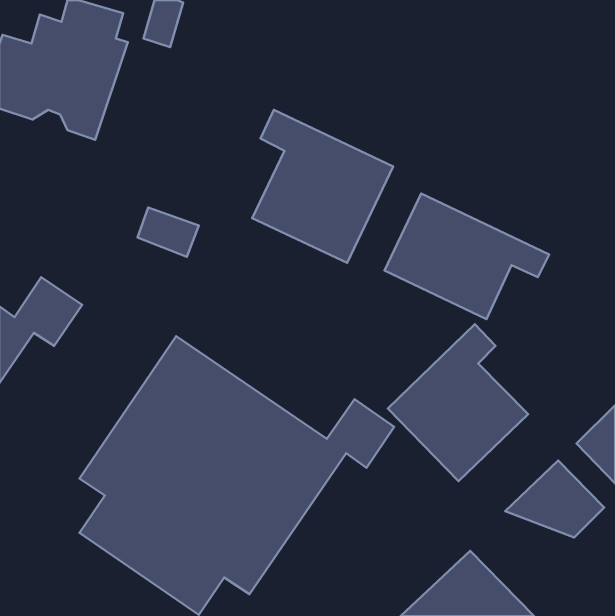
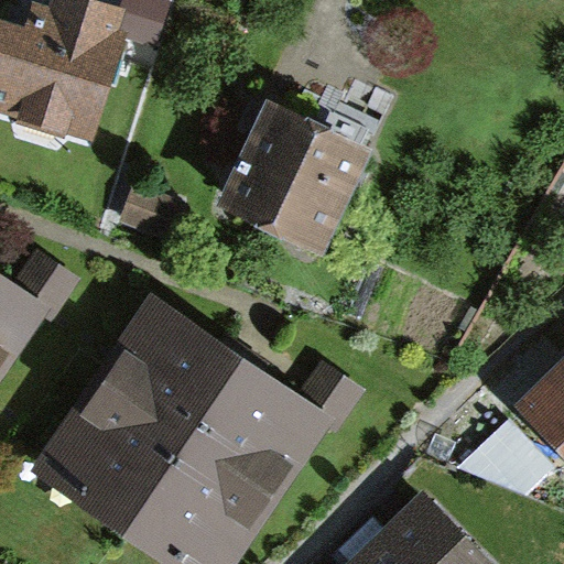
building: [385,194,549,319] -> none
building: [388,324,528,481] -> none

